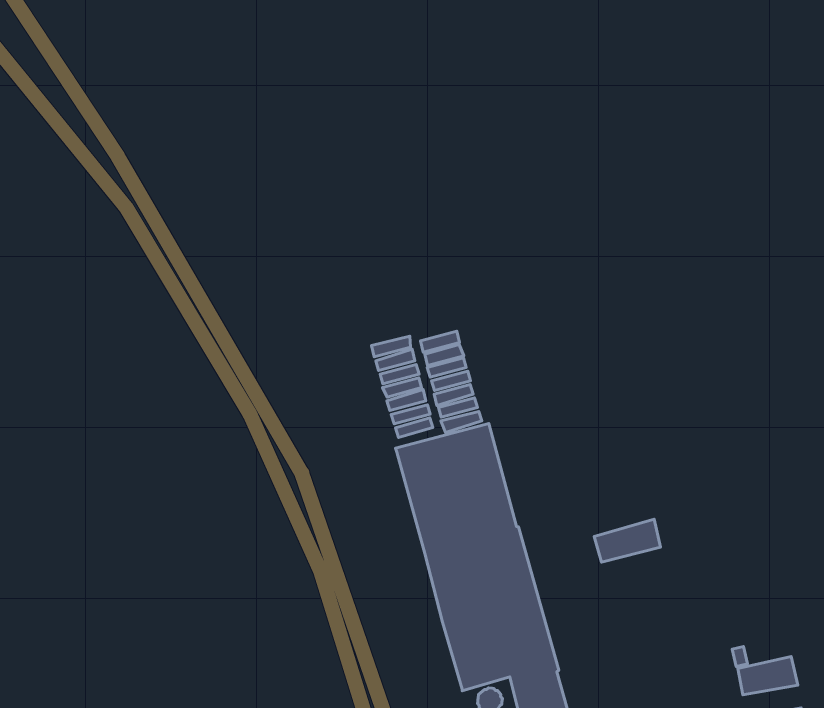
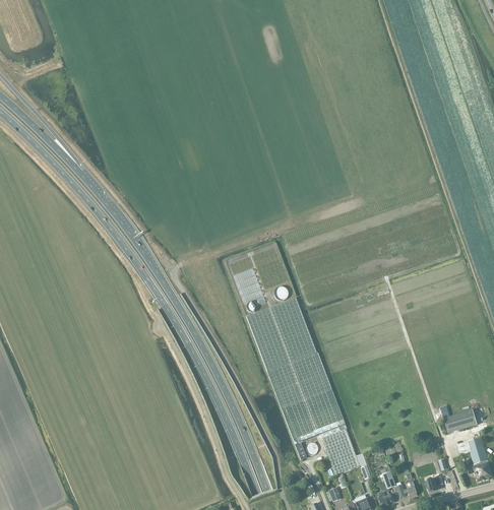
building: [594,519,660,562] -> none

